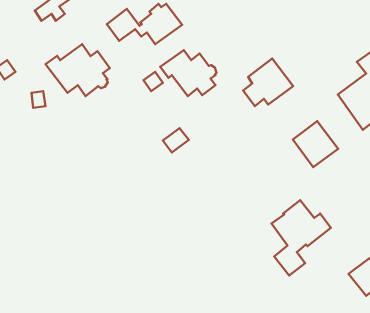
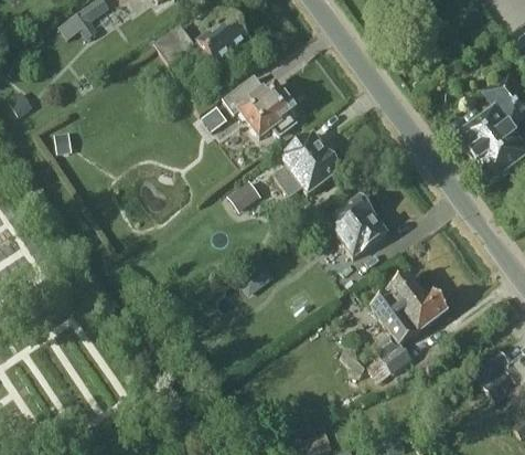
building: [46,44,110,96] -> none
building: [243,58,293,106] -> [275,135,341,198]
building: [293,121,338,167] -> [328,198,387,258]

